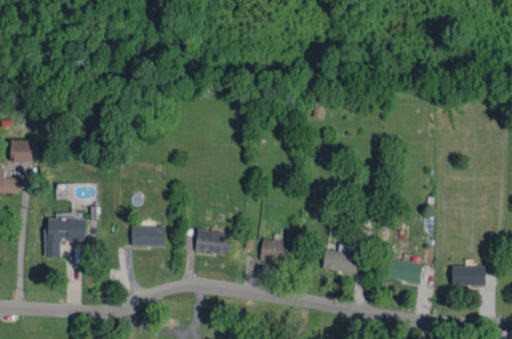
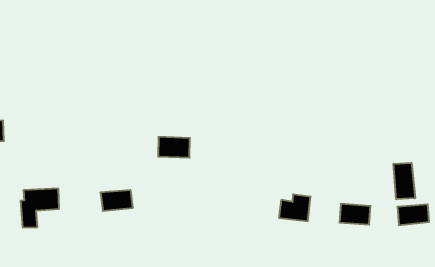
building: none -> [394,163,415,199]
building: [195,229,231,254] -> [158,137,190,158]
building: [260,240,295,263] -> none

